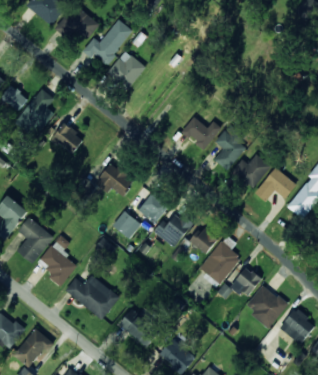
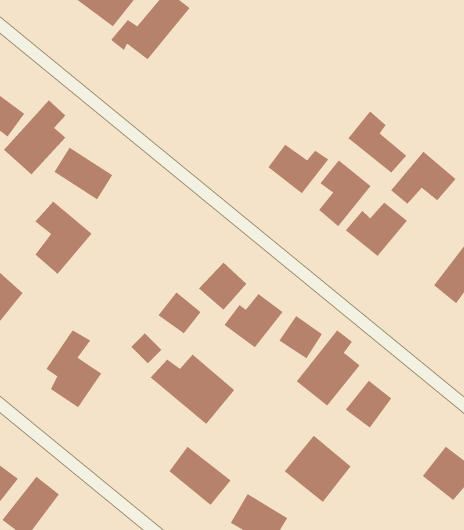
building: [107,51,145,90] -> none
building: none -> [348,110,407,174]
building: [95,163,134,196] -> none
building: [254,167,296,201] -> [390,151,456,204]
building: [17,217,54,264] -> [34,201,93,275]
building: [65,275,119,320] -> [150,354,235,425]
building: [244,284,287,327] -> [284,435,351,503]

